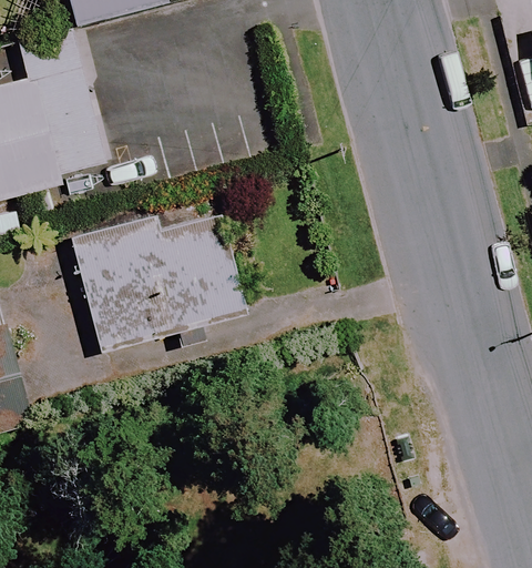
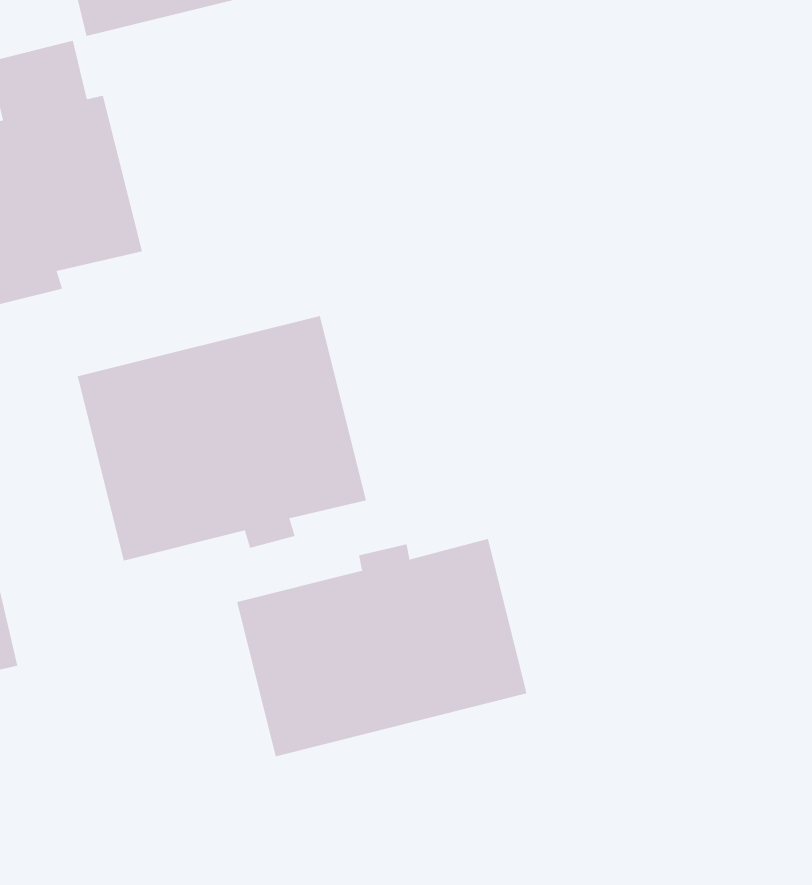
building: none -> [237,538,527,757]

